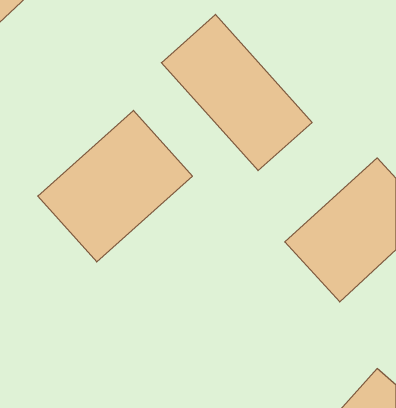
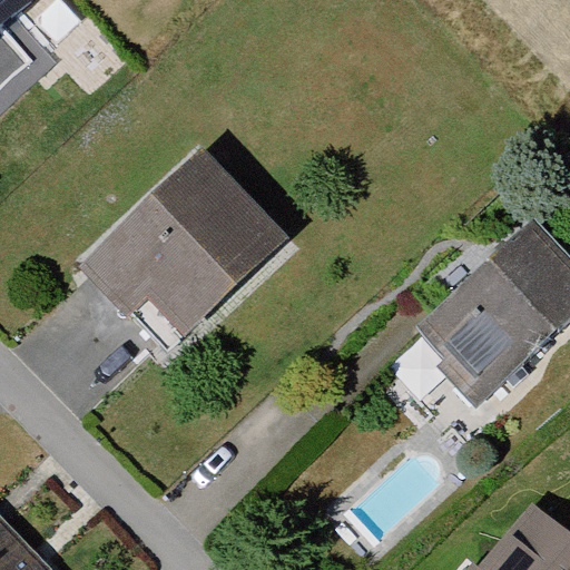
building: [161,14,312,171] -> none

